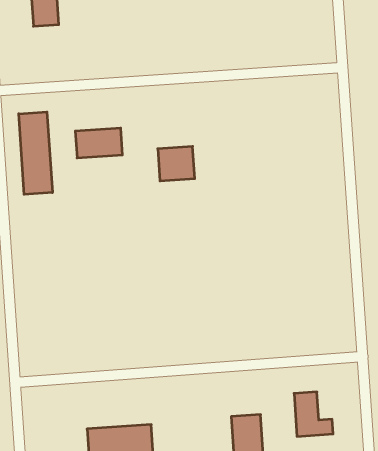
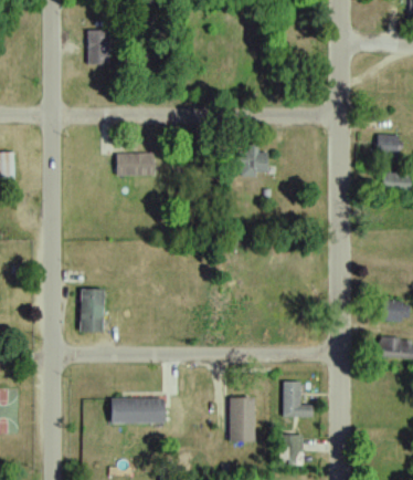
building: [19,112,52,194] -> none
building: [158,146,195,181] -> [239,148,267,175]
building: none -> [81,289,104,333]

